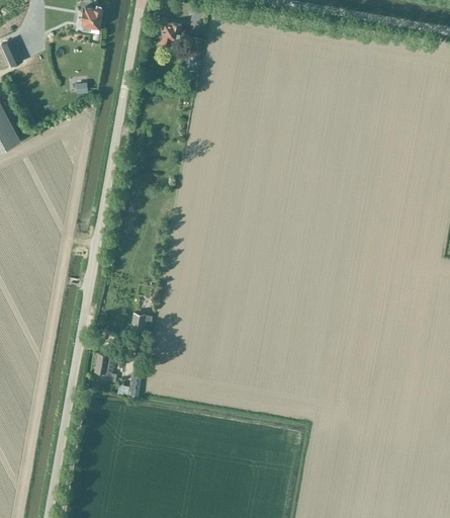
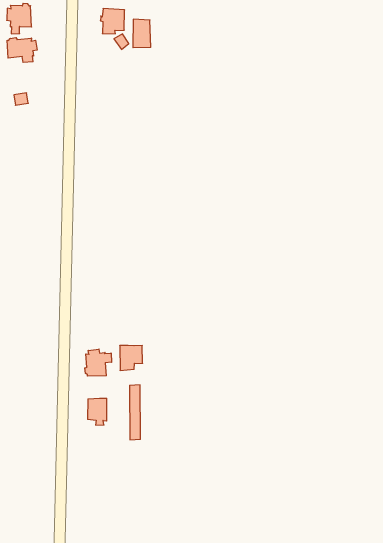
building: none -> [7,38,37,62]
building: none -> [85,349,112,376]

